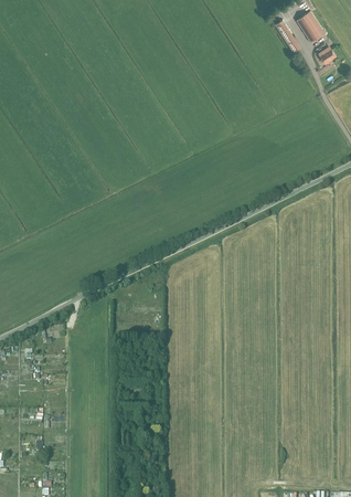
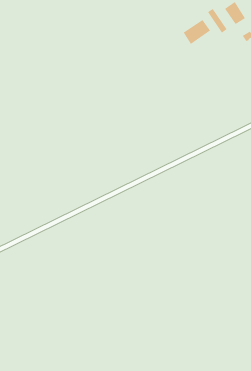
building: none -> [183,19,211,45]

